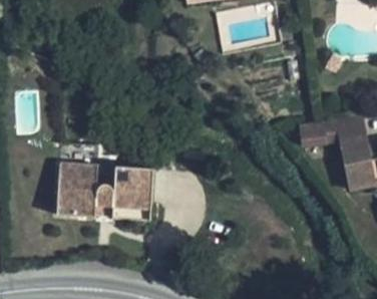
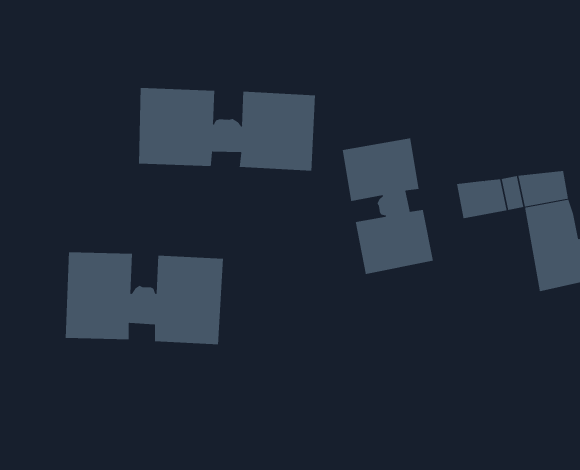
building: none -> [138,87,316,172]
building: none -> [342,137,433,275]

